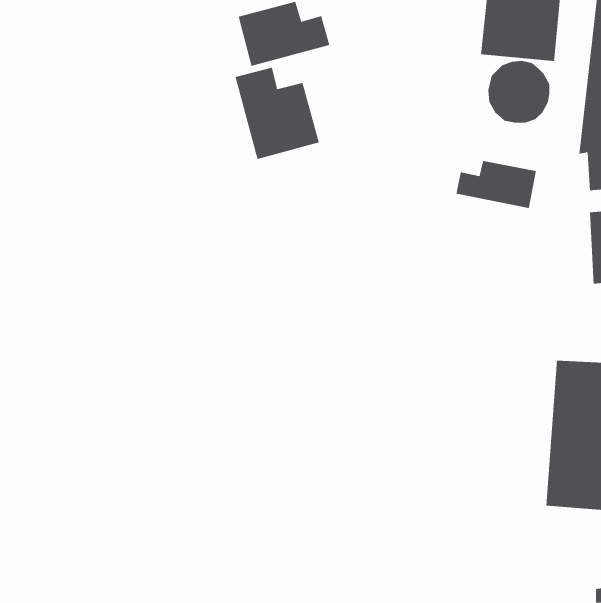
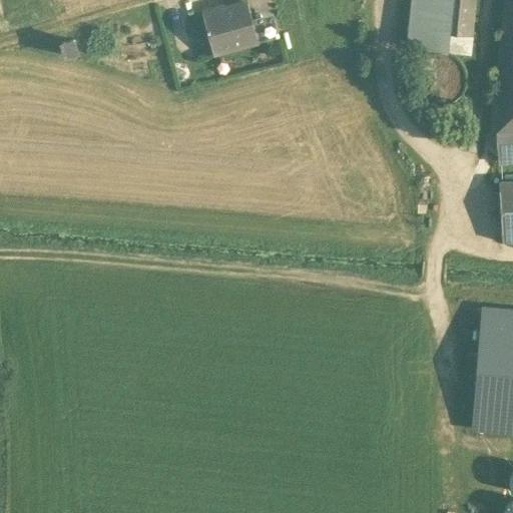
building: [235,67,320,160] -> none
building: [456,160,536,209] -> none

